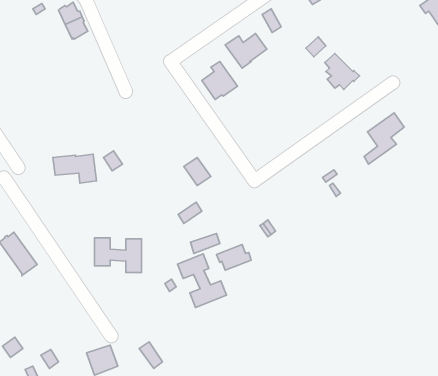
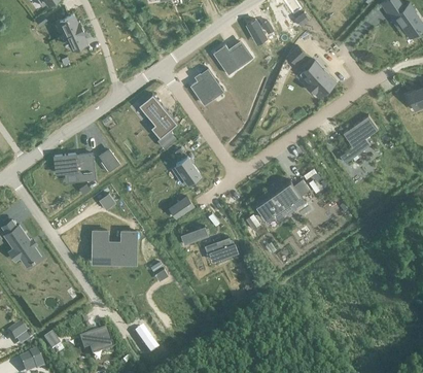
building: none -> [139,94,177,138]
building: none -> [255,179,309,219]
building: [177,254,227,307] -> none

